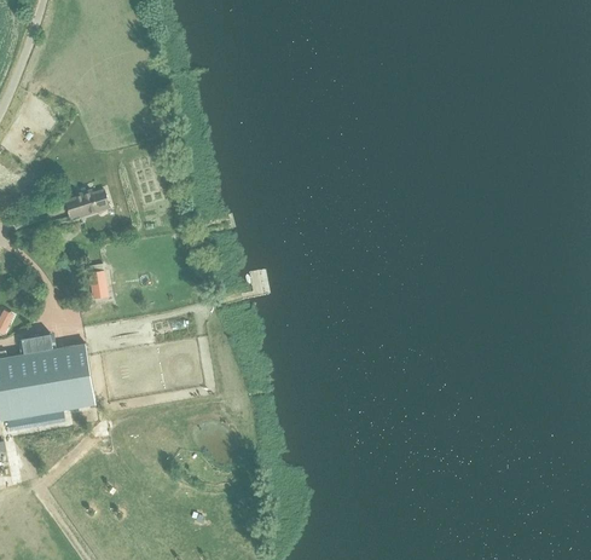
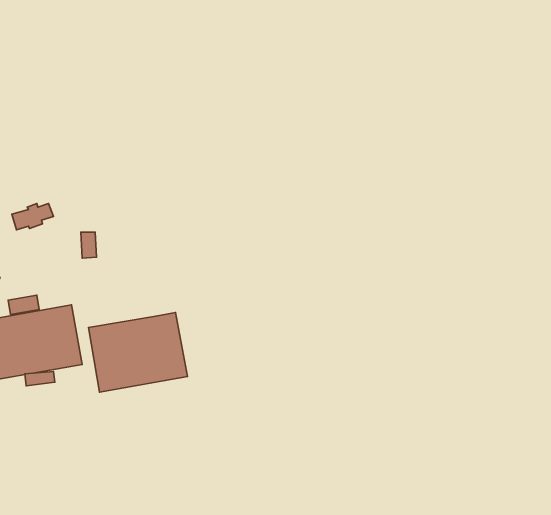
building: [64,190,106,217] -> [12,203,53,230]
building: none -> [88,312,188,392]

